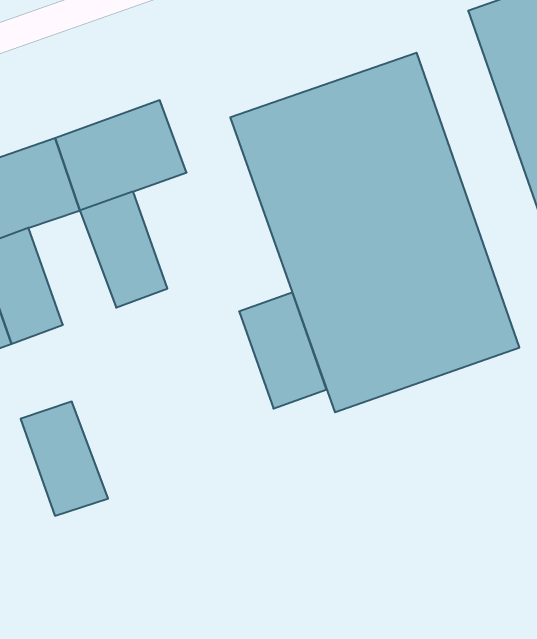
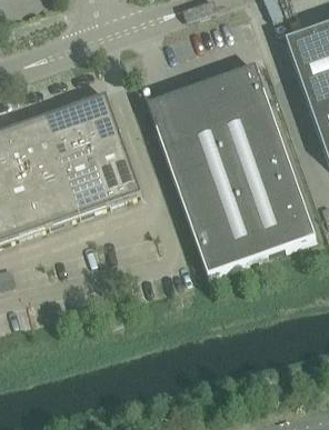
building: [239,293,327,409] -> [90,132,141,200]
building: [21,402,108,516] -> [29,154,80,221]

